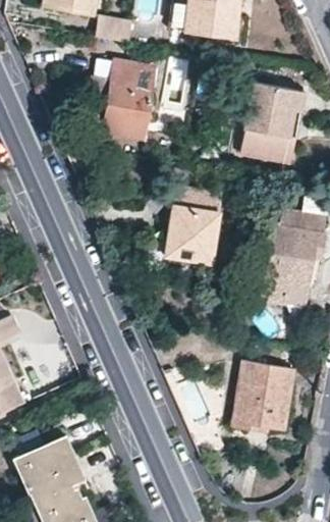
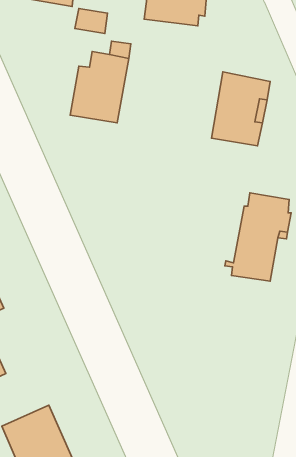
building: [164,186,219,263] -> none
building: [230,363,292,429] -> none

